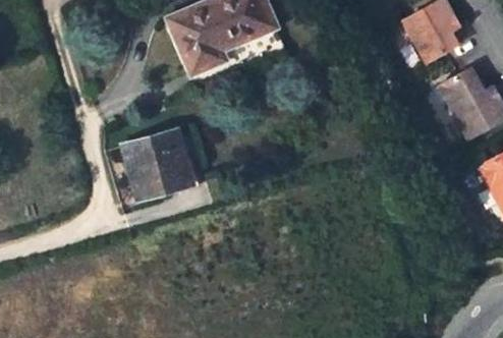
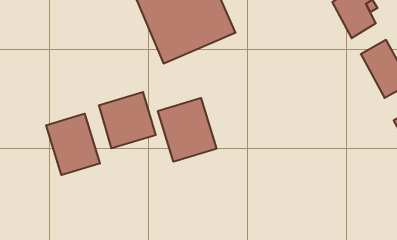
building: none -> [158,98,217,162]
building: none -> [46,114,100,175]

